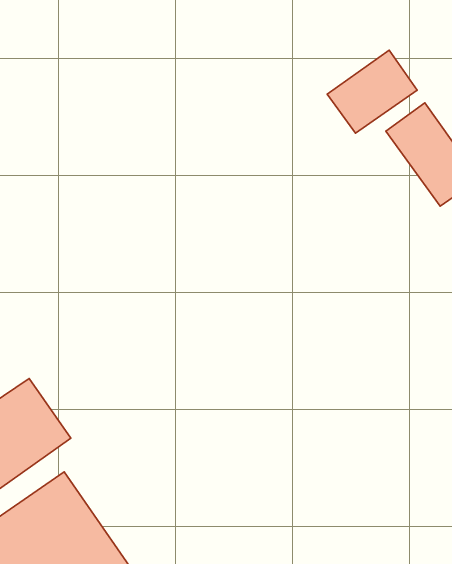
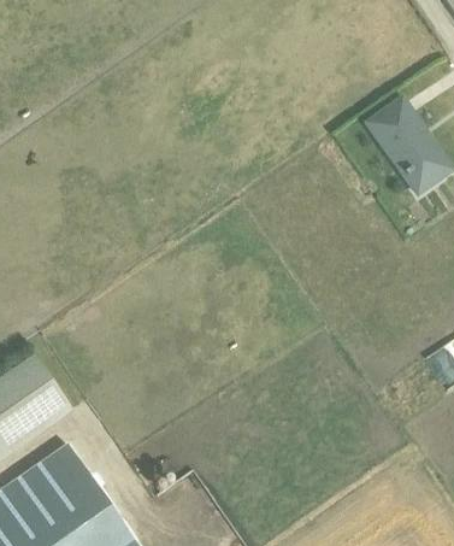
building: [327,50,417,133] -> none

